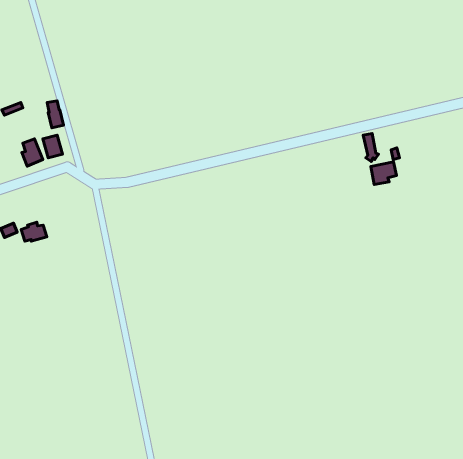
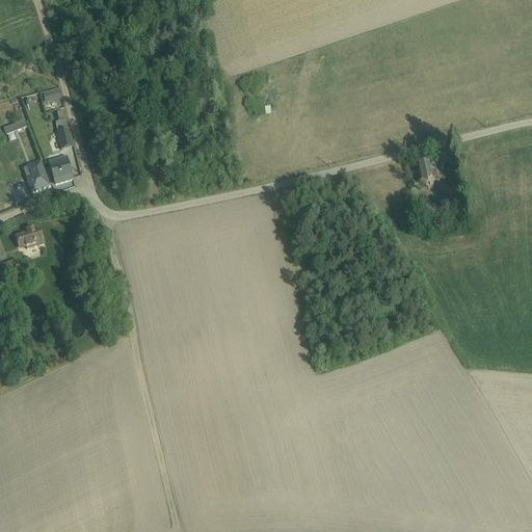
building: [371,162,396,185] -> none
building: [21,222,47,241] -> [15,224,44,246]

